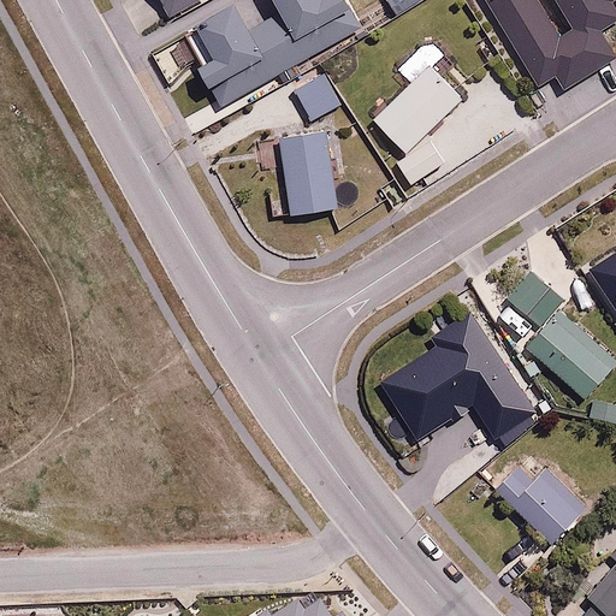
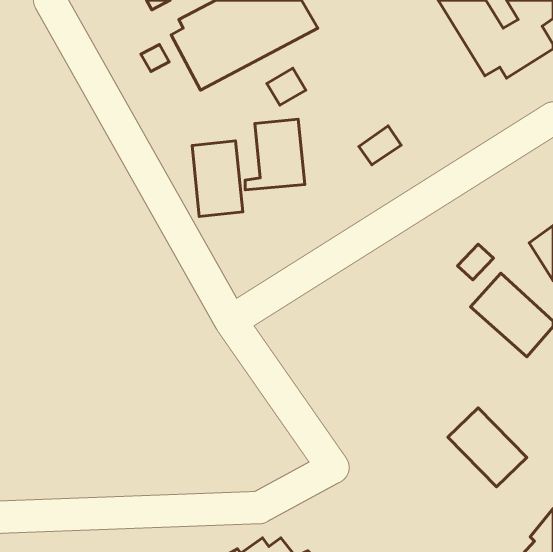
building: [374,65,463,153] -> none
building: none -> [192,141,243,217]
building: [381,312,533,444] -> none

